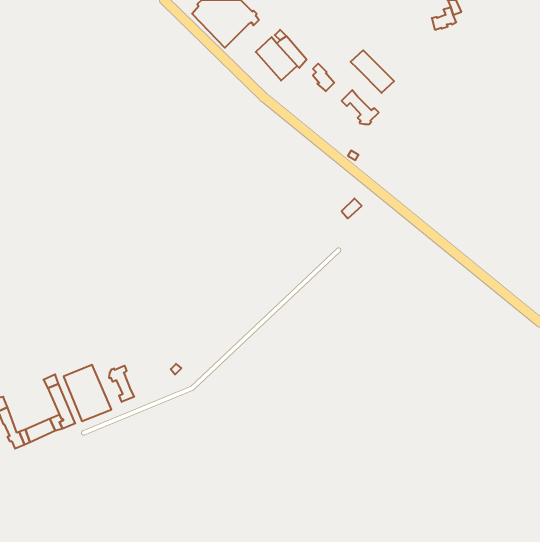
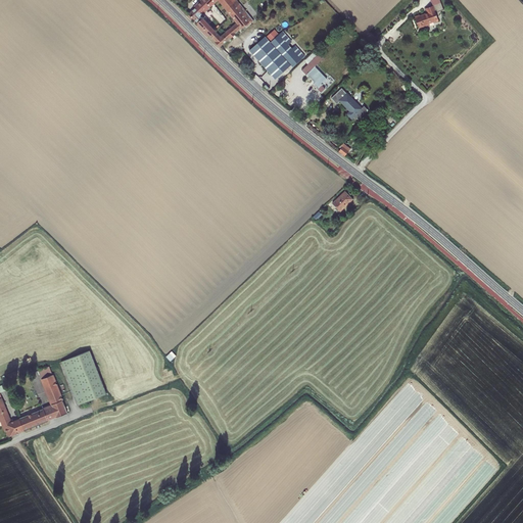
building: [351,50,394,93] -> none
building: [109,366,134,402] -> none

